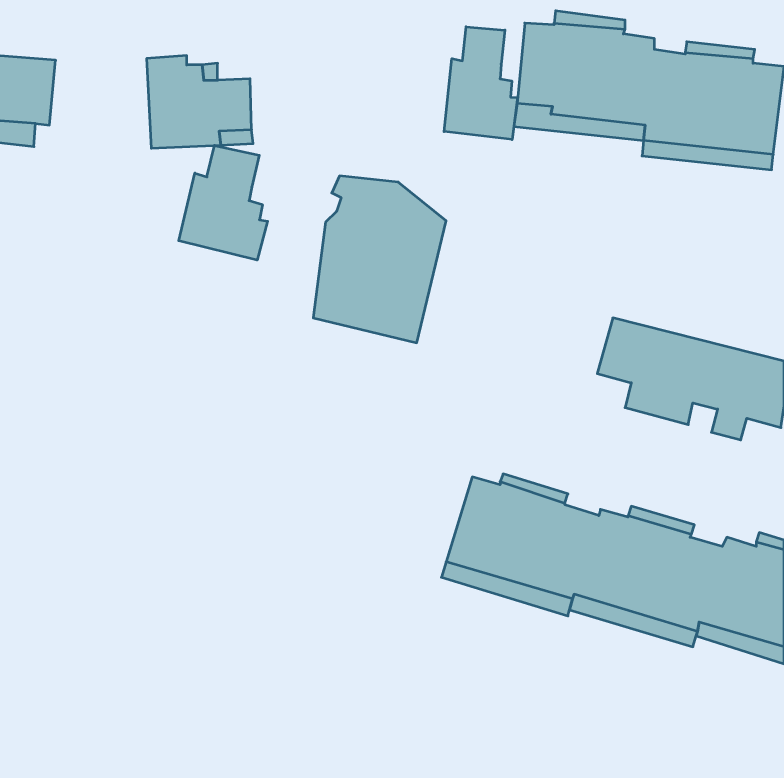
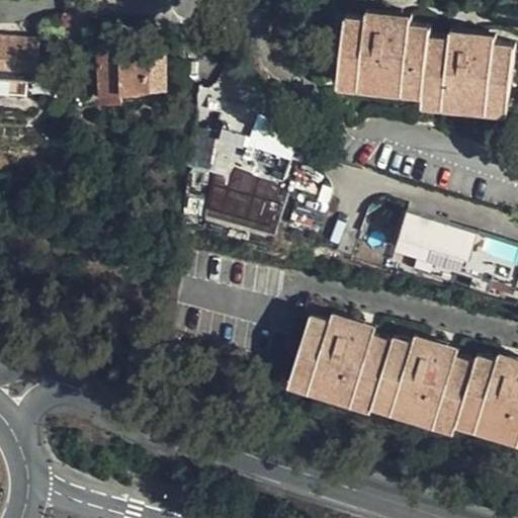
building: [444,27,518,140] -> none
building: [179,145,268,260] -> none

